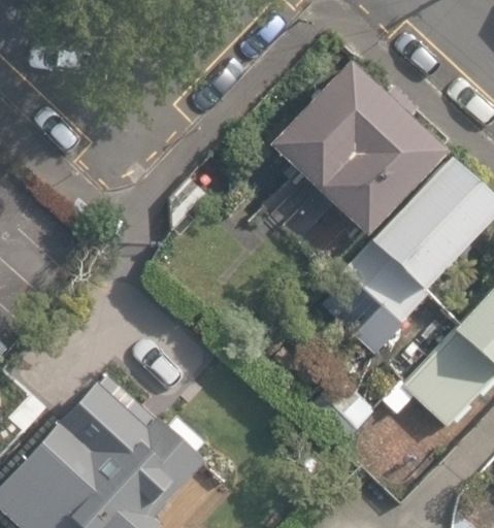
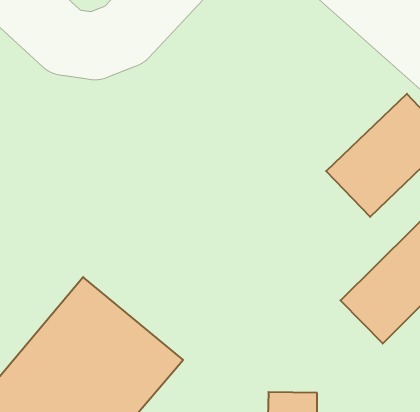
building: [251,86,414,248] -> none

